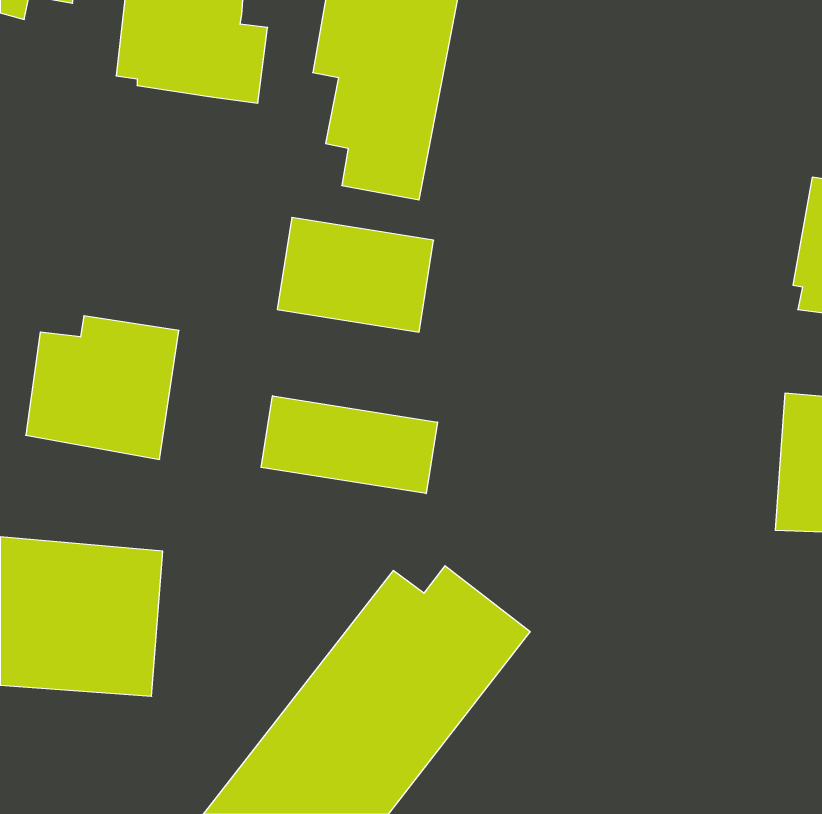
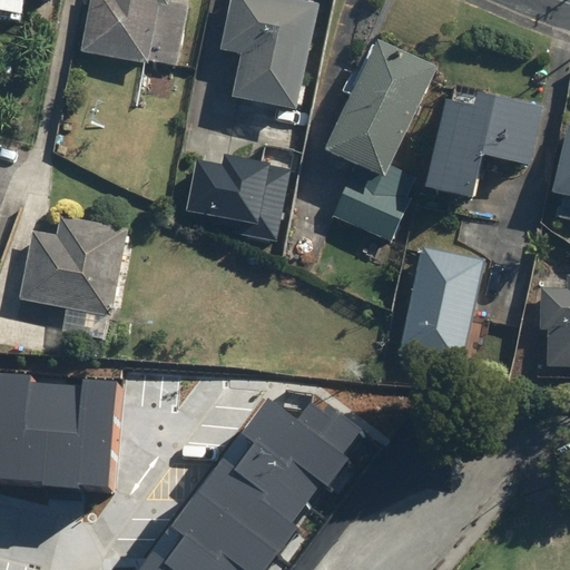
building: none -> [326,38,436,238]
building: none -> [420,94,542,214]
building: none -> [395,242,485,373]
building: [261,396,438,494] -> none

